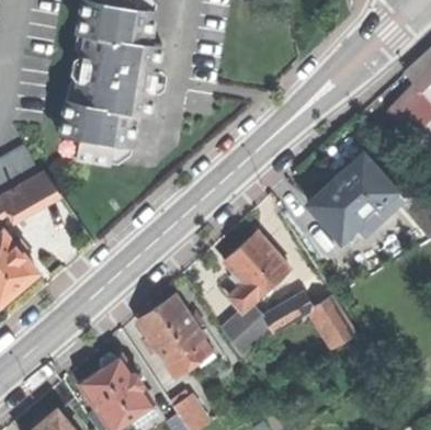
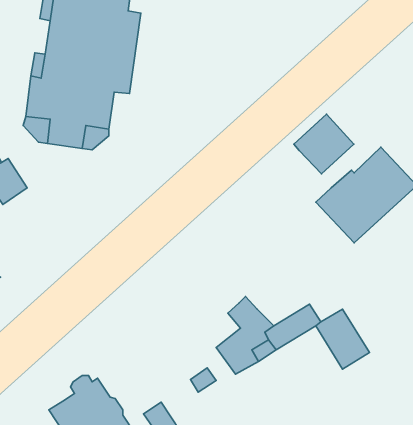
building: none -> [294,114,354,174]
building: [224,231,290,297] -> none
building: [138,295,201,371] -> none

